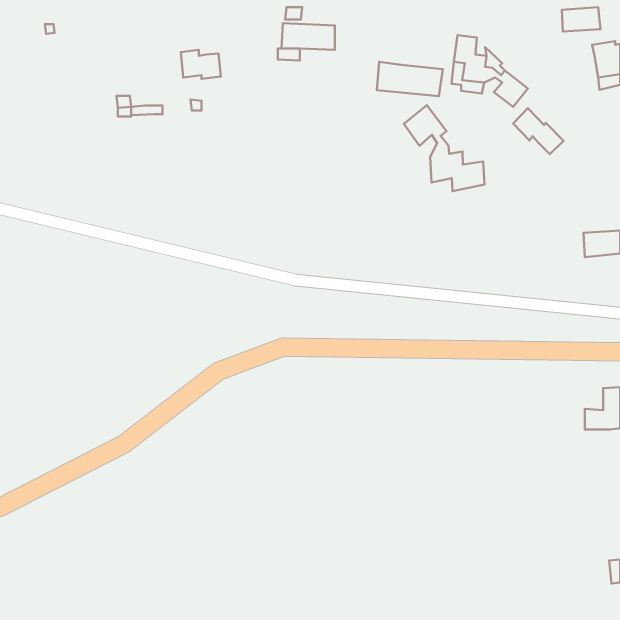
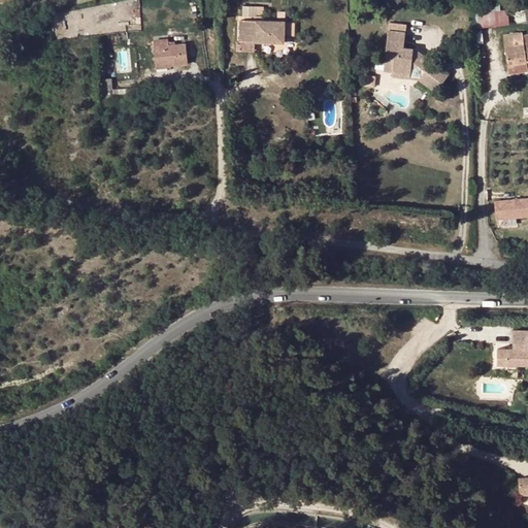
building: [377,62,443,96] -> none
building: [404,105,485,191] -> none
building: [513,108,563,154] -> none

